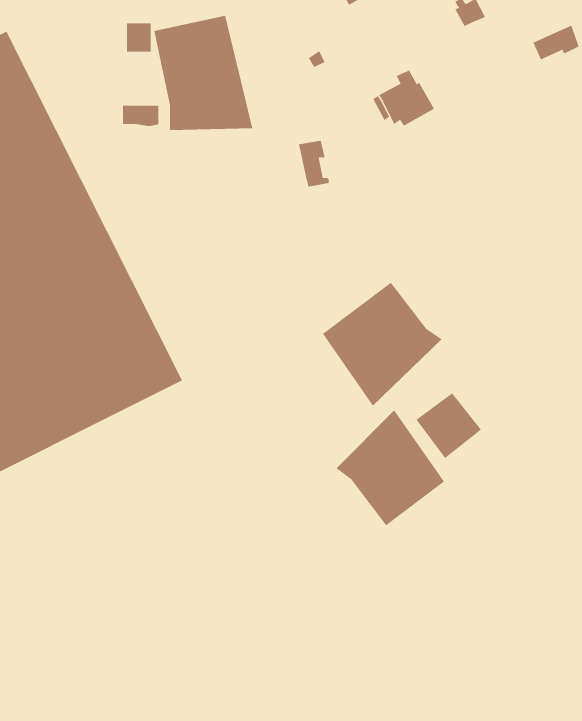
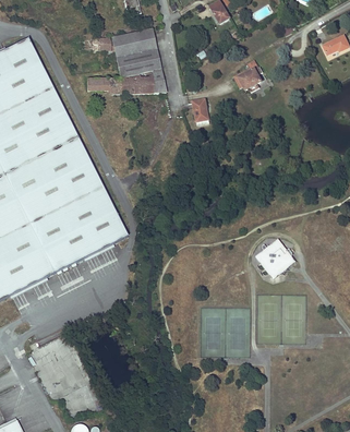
building: [322,282,442,407] -> none
building: [336,410,445,526] -> none

